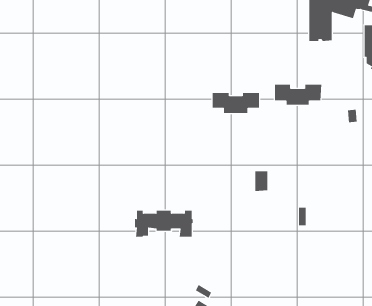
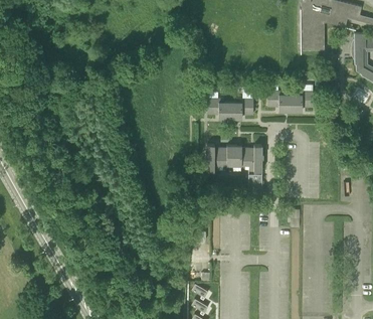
building: [134,210,193,237] -> [206,145,263,171]

